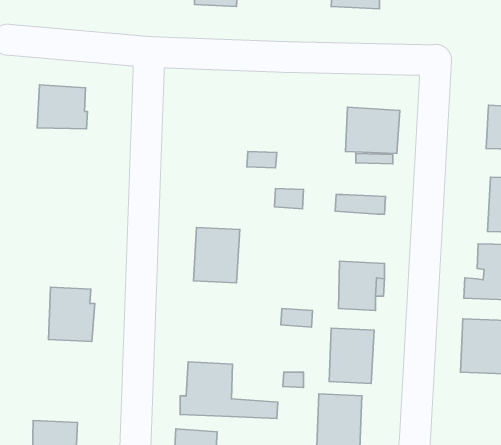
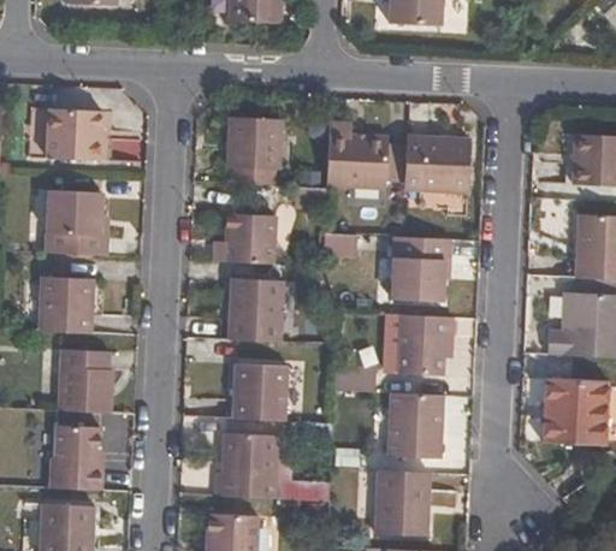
building: none -> [229,118,280,185]
building: none -> [327,120,390,185]
building: none -> [48,192,107,257]
building: none -> [214,213,273,263]
building: none -> [392,256,445,301]
building: none -> [41,279,93,334]
building: none -> [231,362,285,420]
building: none -> [49,421,102,487]

